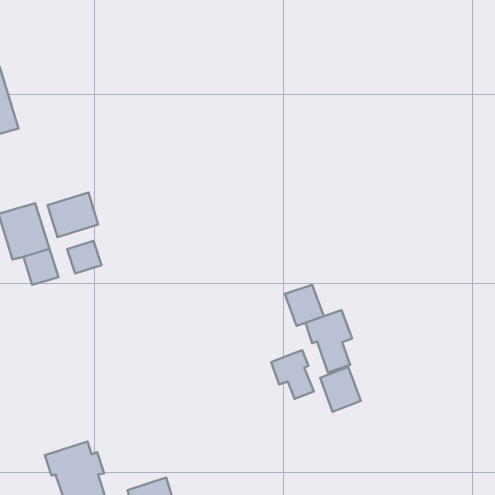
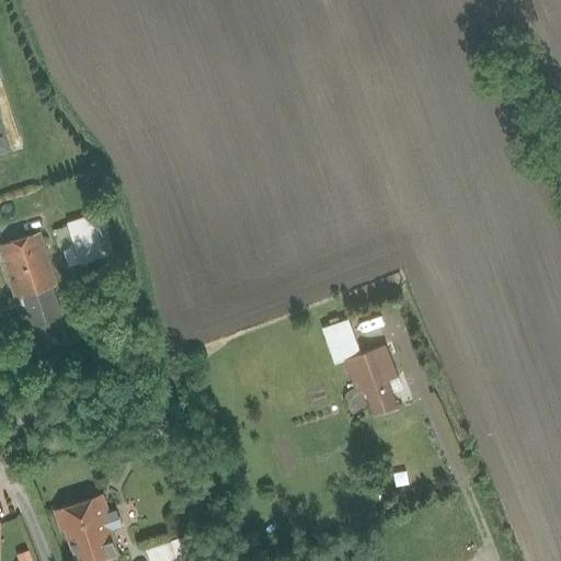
building: [67,241,102,273] -> none
building: [271,350,314,399] -> none
building: [320,367,361,412] -> none

